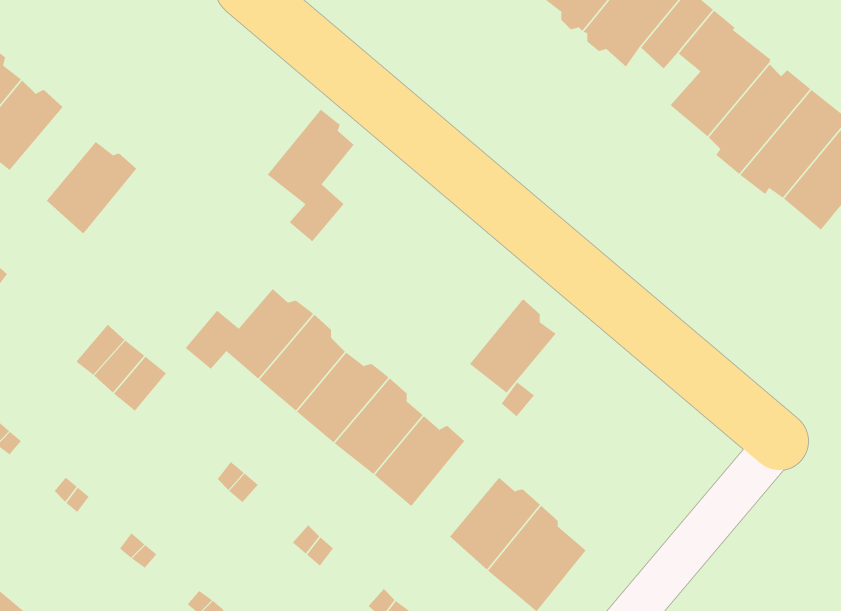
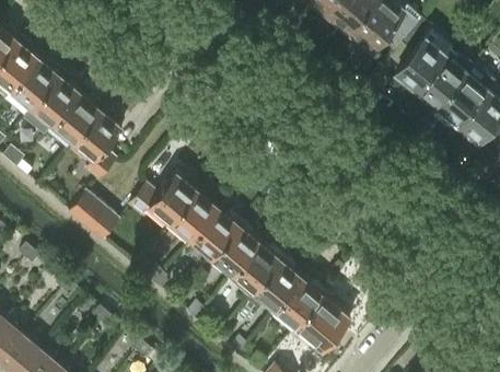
building: none -> [32,72,79,124]
building: [267,109,354,242] -> [72,106,120,179]
building: [469,298,557,394] -> [253,256,301,309]

